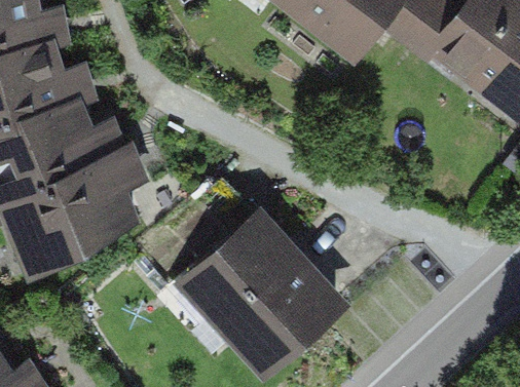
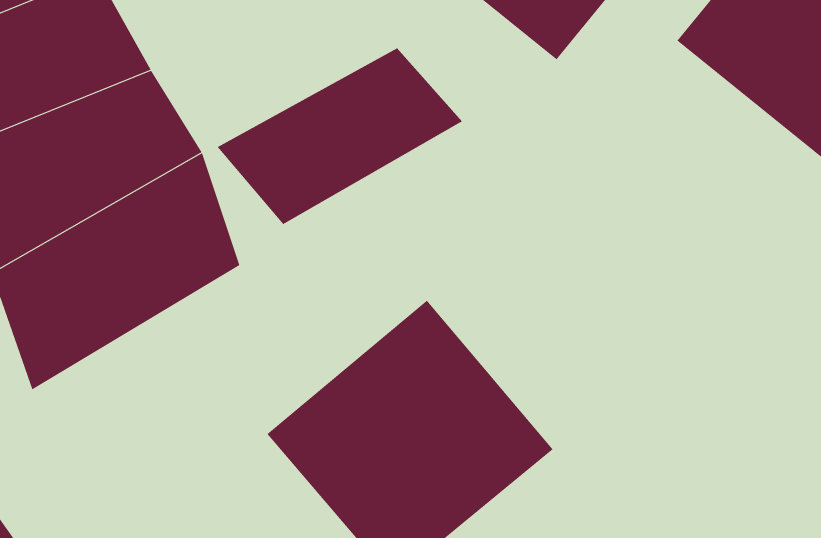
building: none -> [217,47,463,225]

